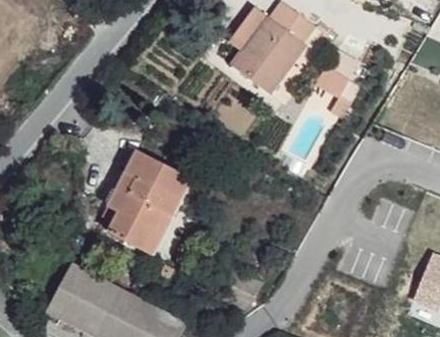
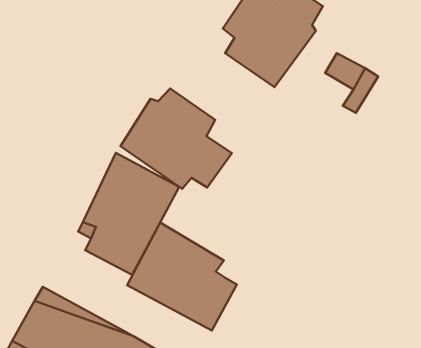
building: none -> [120,88,232,189]
building: none -> [127,223,237,330]

